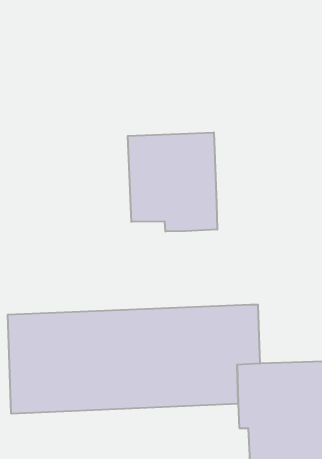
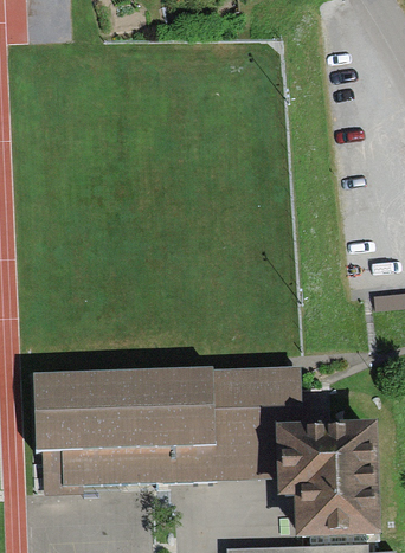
building: [128,132,217,232] -> none

